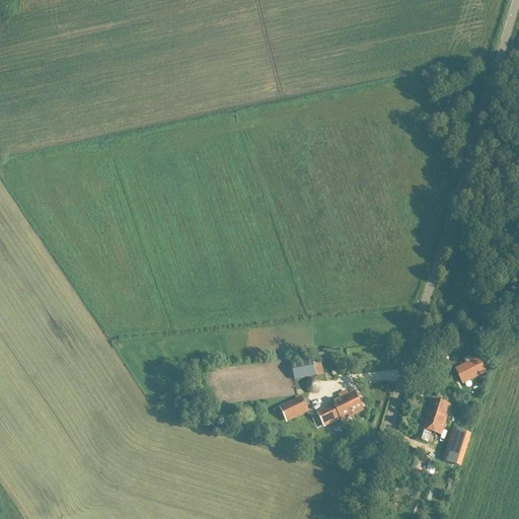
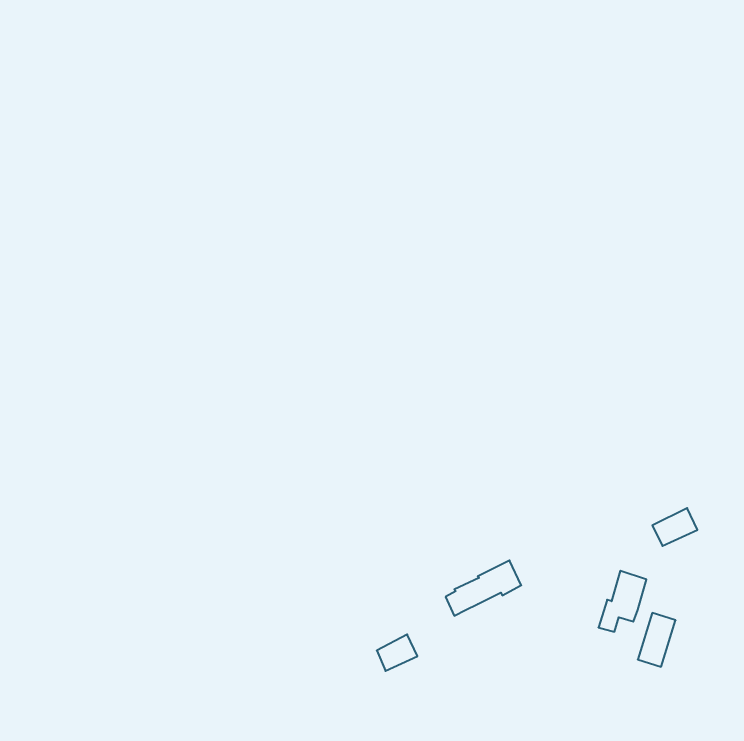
building: [291,357,315,378] -> none
building: [280,395,308,421] -> [377,634,417,671]

